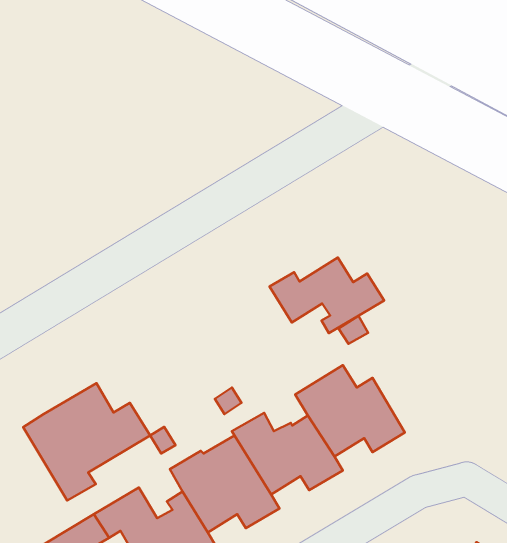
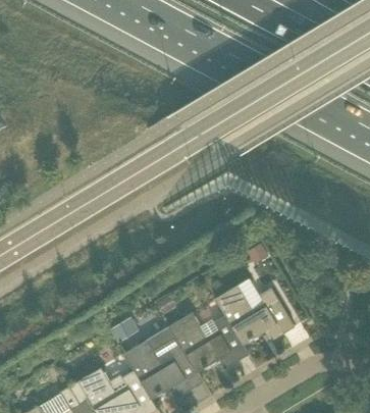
building: [269,257,384,333] -> none
building: [23,383,150,500] -> none

